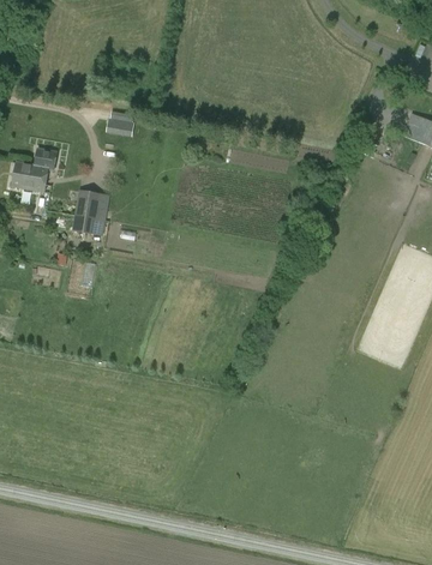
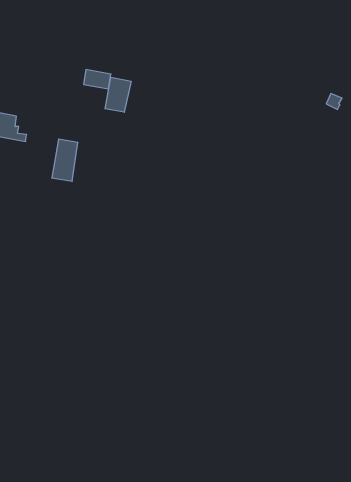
building: none -> [105,77,131,112]
building: [34,148,58,184] -> none

